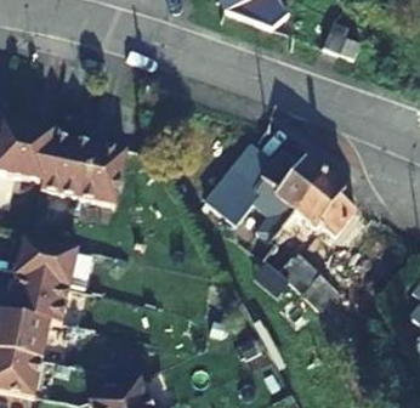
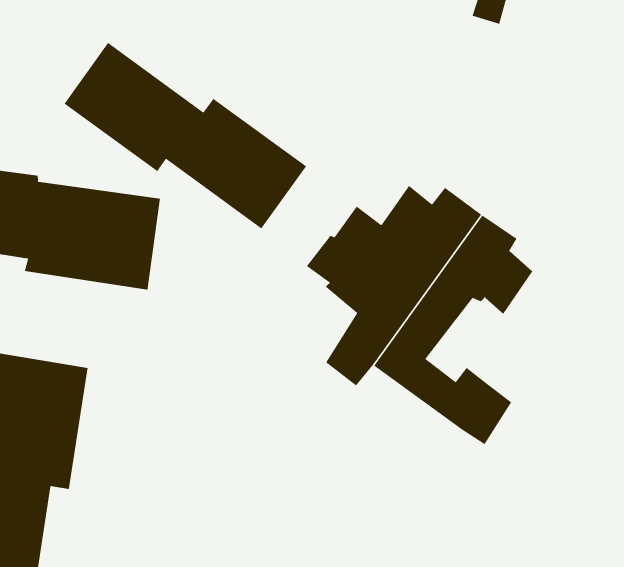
building: none -> [63,42,307,229]

